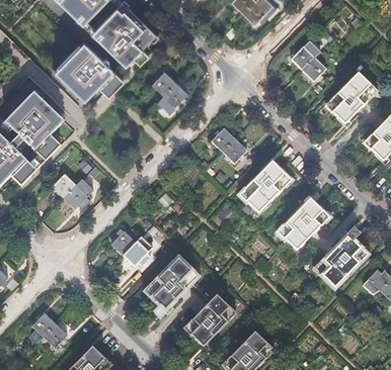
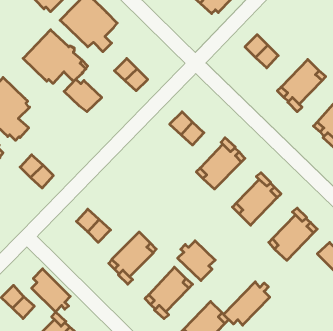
building: none -> [64,79,102,112]
building: none -> [178,241,215,281]
building: none -> [32,269,70,312]
building: none -> [224,282,270,325]

